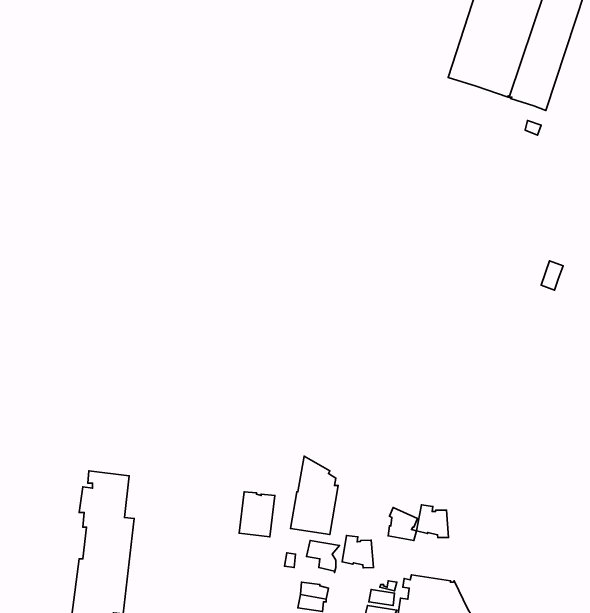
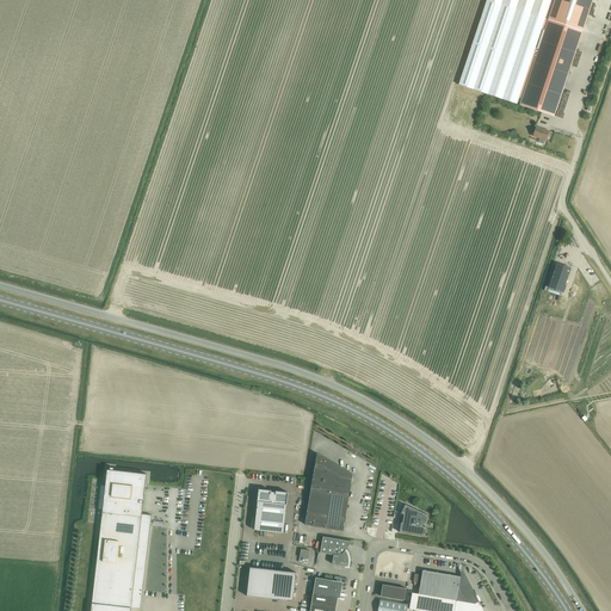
building: [416,505,449,537] -> none
building: [342,536,374,568] -> none
building: none -> [247,566,296,600]

